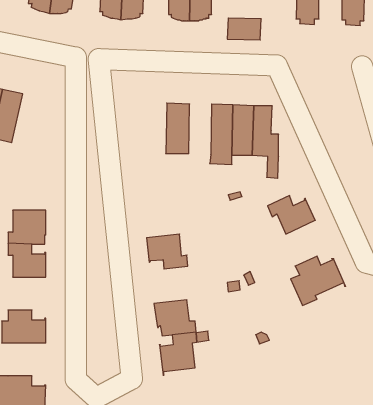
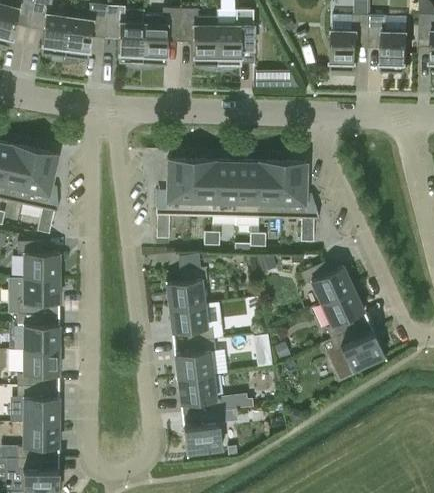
building: none -> [22,149,59,232]
building: none -> [157,159,191,237]
building: none -> [215,160,240,215]
building: none -> [18,240,59,276]
building: none -> [166,266,207,306]
building: none -> [321,287,364,337]
building: none -> [174,337,216,378]
building: none -> [18,349,59,385]
building: none -> [18,421,59,457]

